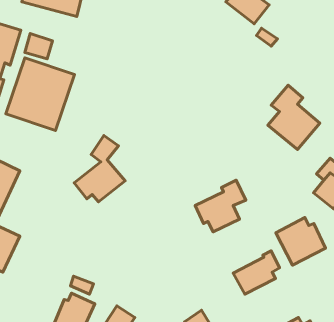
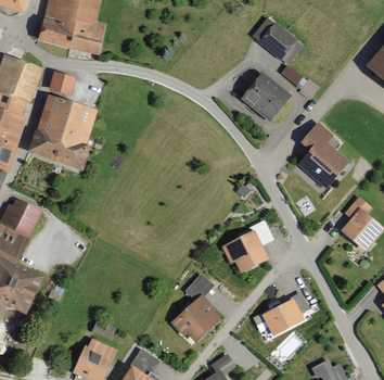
building: none -> [240,72,295,126]
building: [74,135,125,202] -> [168,274,220,342]
building: [276,218,326,265] -> none

